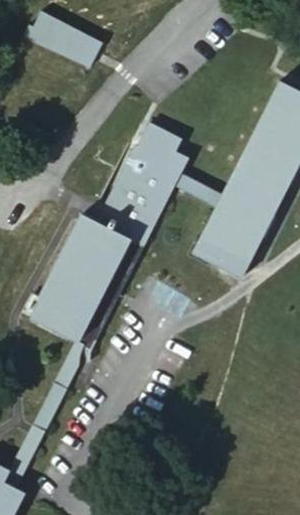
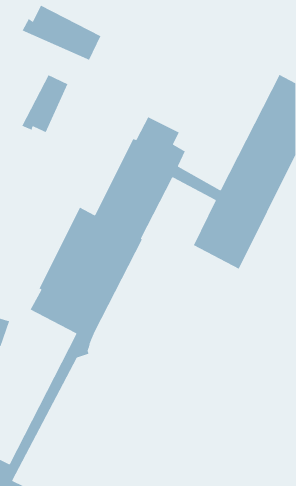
building: none -> [21,74,68,133]

